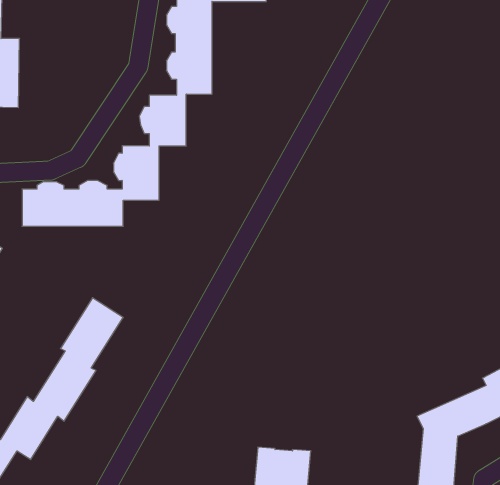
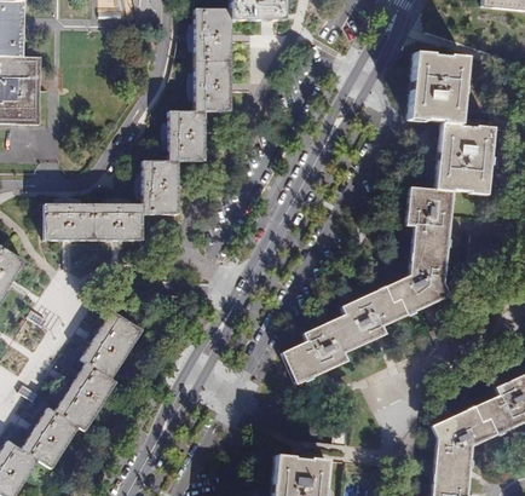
building: none -> [282,53,494,383]

